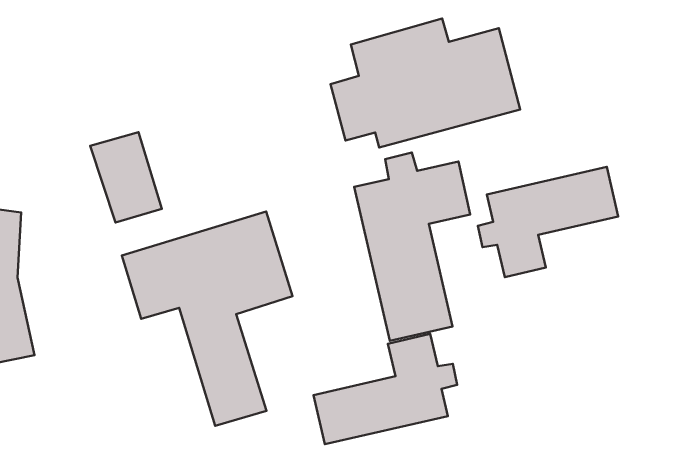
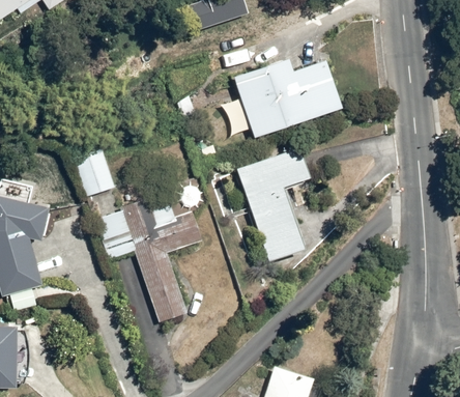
building: [478,167,618,277] -> none
building: [313,334,457,444] -> none

